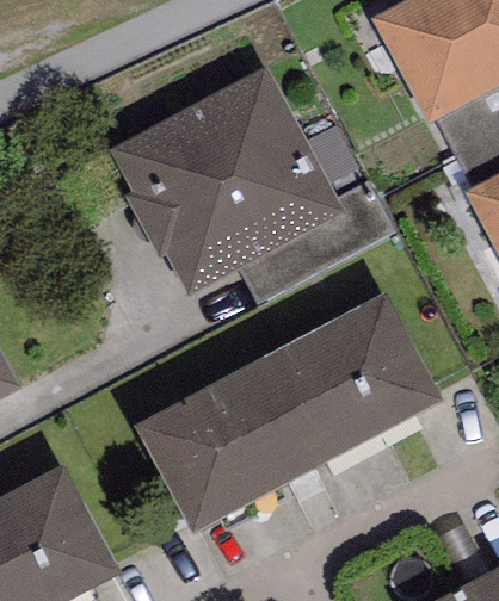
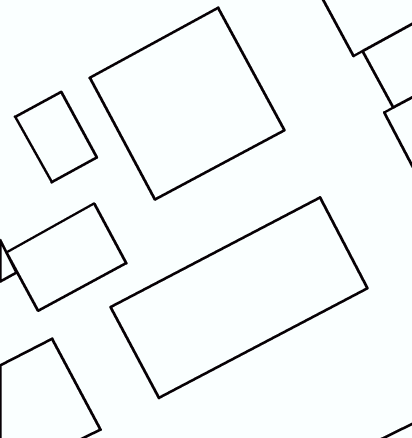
building: none -> [15,92,97,182]
building: none -> [6,204,126,311]

